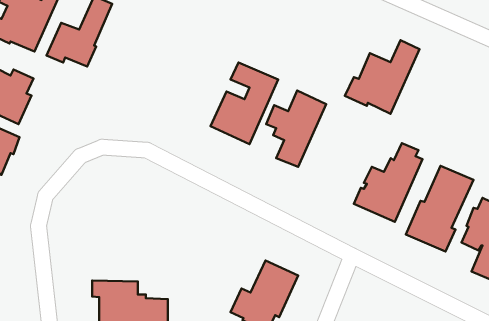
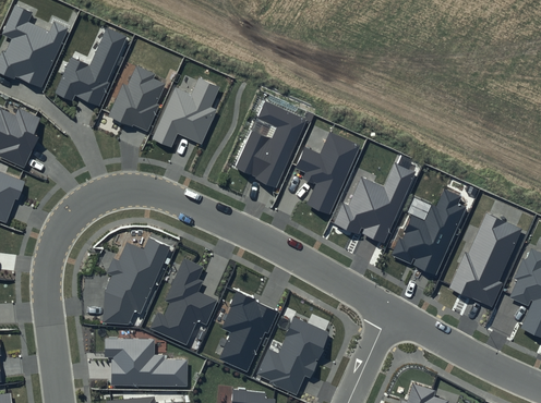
building: none -> [109,66,166,132]
building: [345,40,419,114] -> [334,162,416,243]
building: none -> [153,77,220,147]
building: none -> [103,236,170,325]
building: none -> [149,258,219,345]
building: none -> [220,292,279,371]

